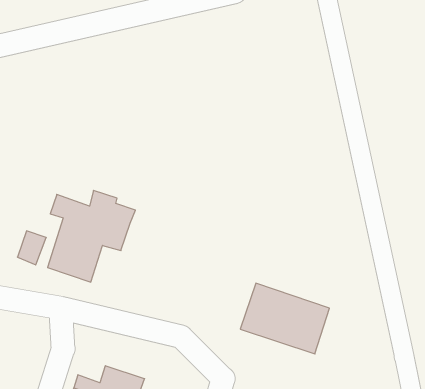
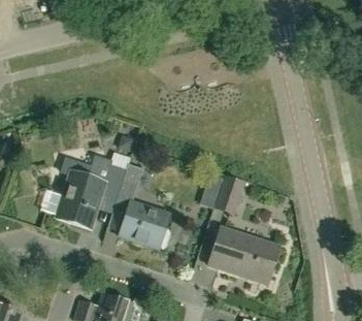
building: none -> [216,174,245,214]
building: none -> [114,180,174,248]

